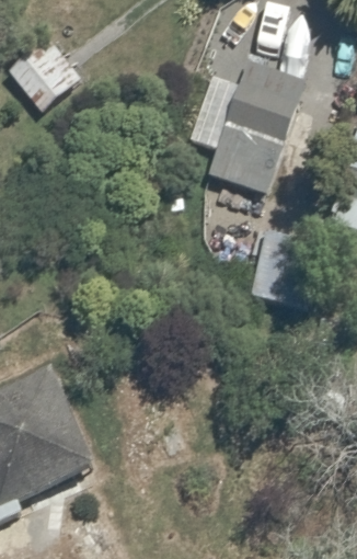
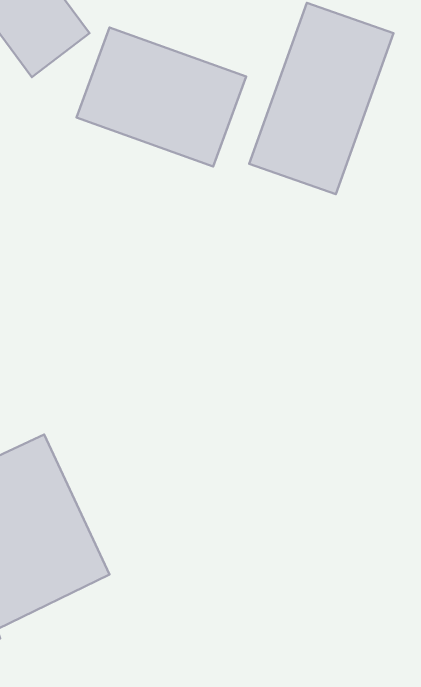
building: none -> [77,27,246,167]

